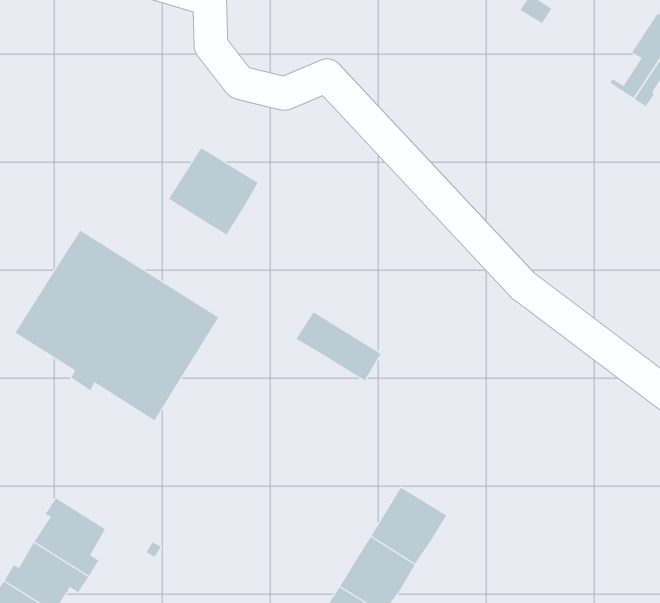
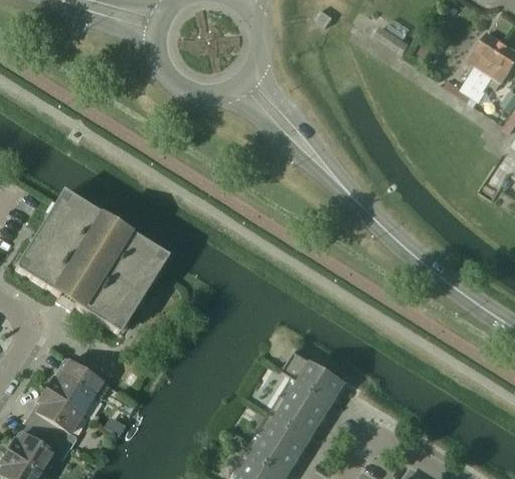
building: [168,147,258,236] -> none
building: [296,312,382,381] -> [284,348,347,400]
building: none -> [46,357,110,410]

